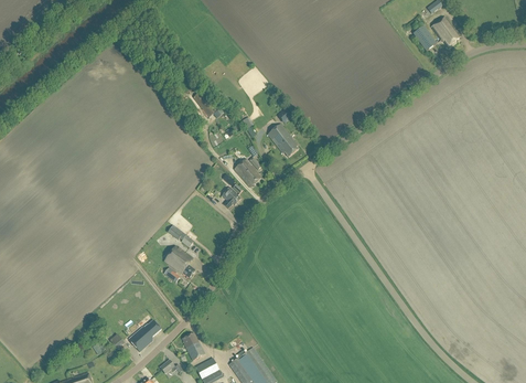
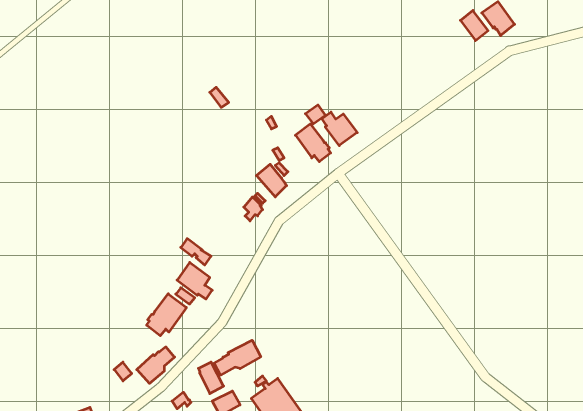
building: none -> [322,112,357,146]
building: none -> [147,294,186,336]
building: none -> [214,340,261,375]

